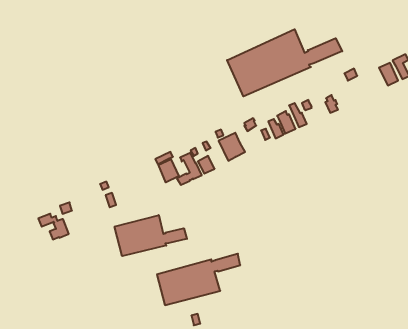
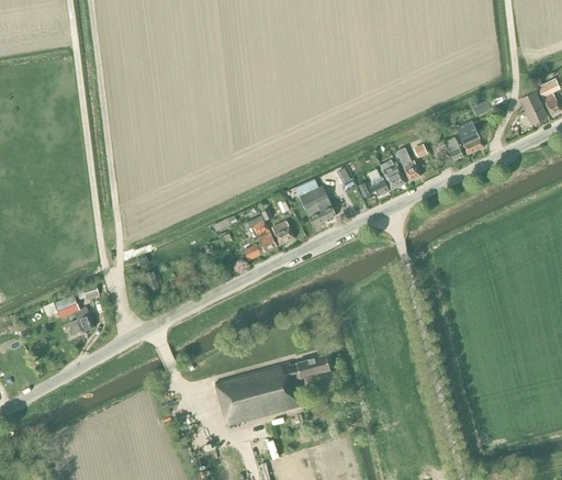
building: [227,29,342,96] -> none
building: none -> [456,122,483,155]
building: [159,159,179,182] -> none
building: [115,215,187,256] -> none

